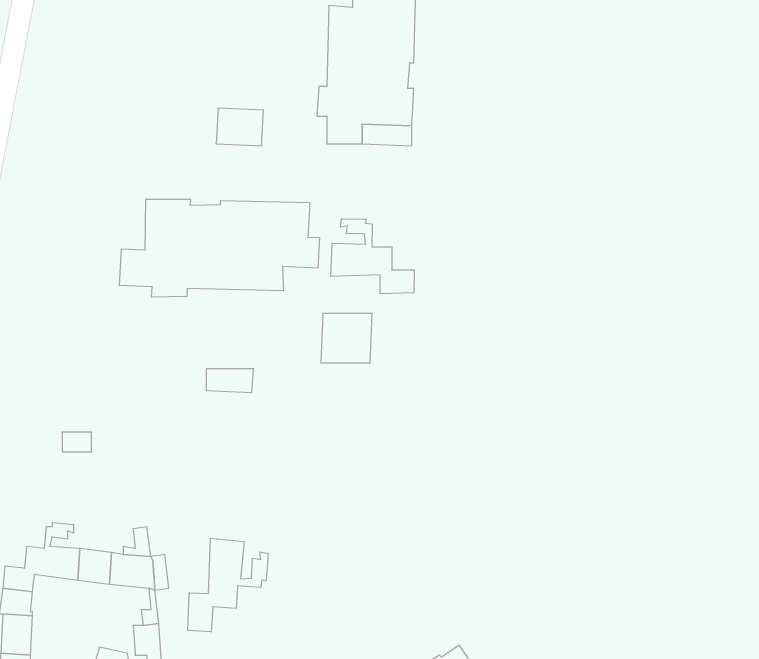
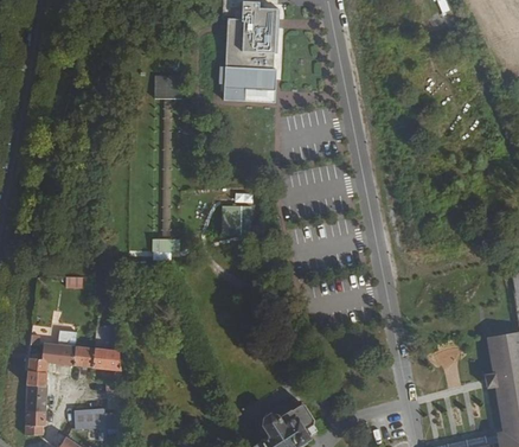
building: [119,199,320,297] -> none
building: [331,219,414,294] -> none
building: [188,538,268,632] -> none

